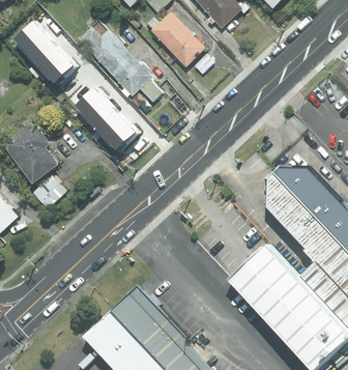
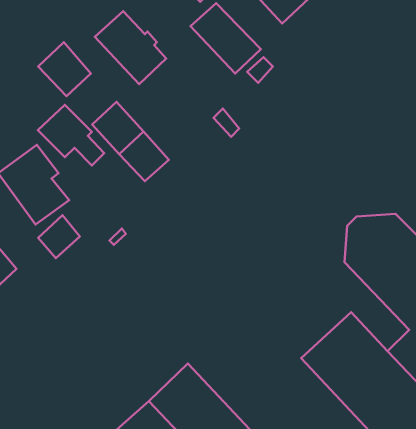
building: [13,21,53,60] -> none
building: [111,54,162,101] -> [38,105,104,165]

